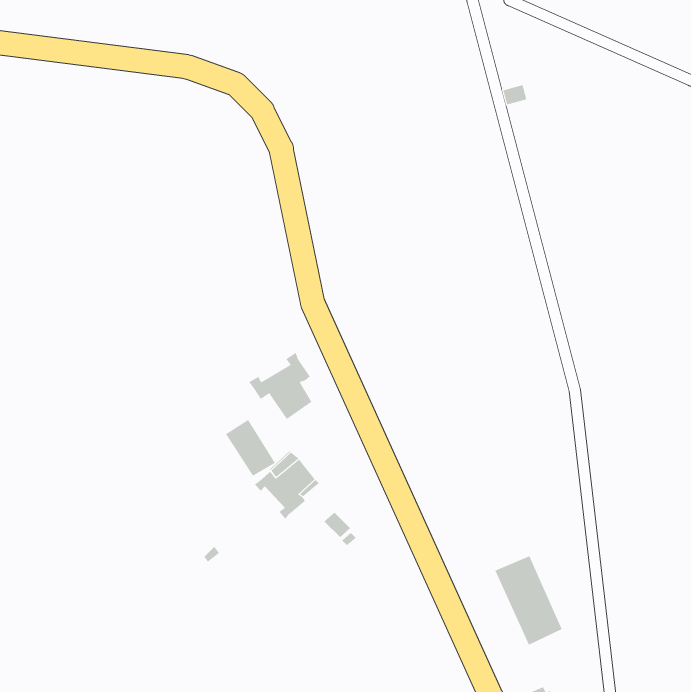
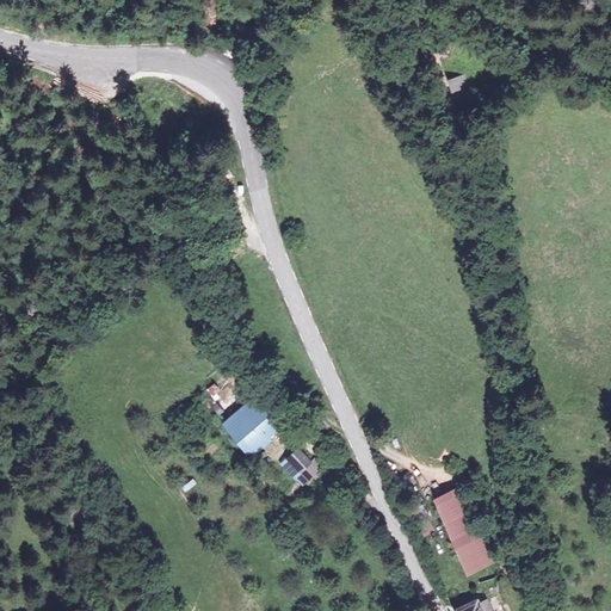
building: [248,352,312,420] -> none

